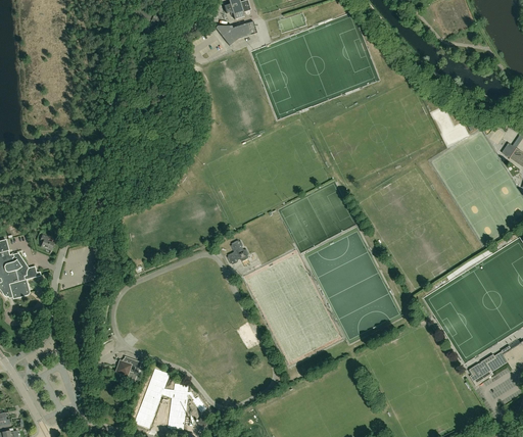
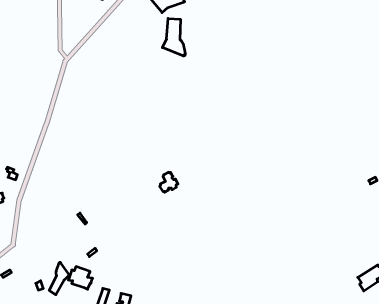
building: none -> [162,18,185,56]
building: none -> [49,262,69,295]

